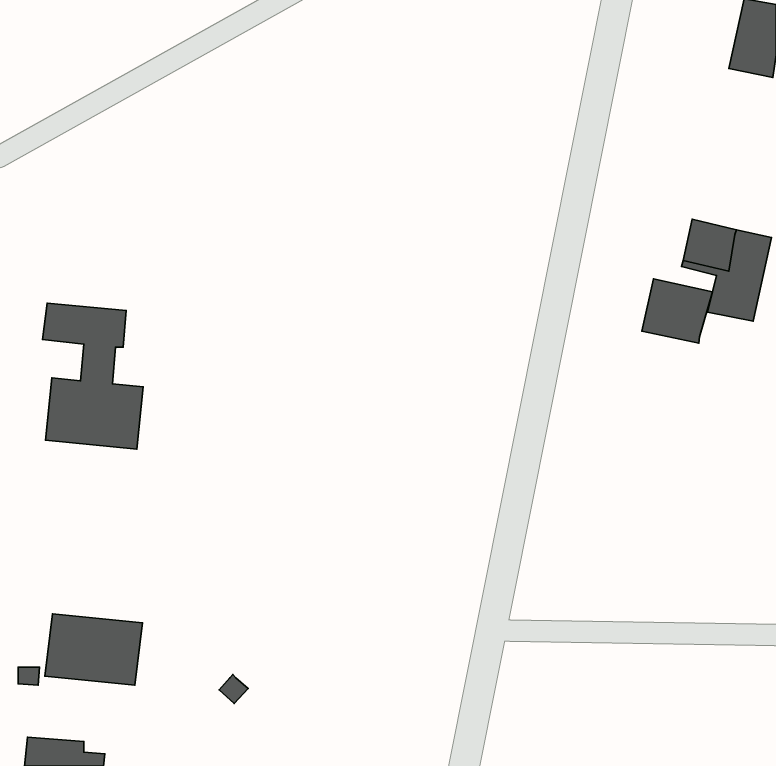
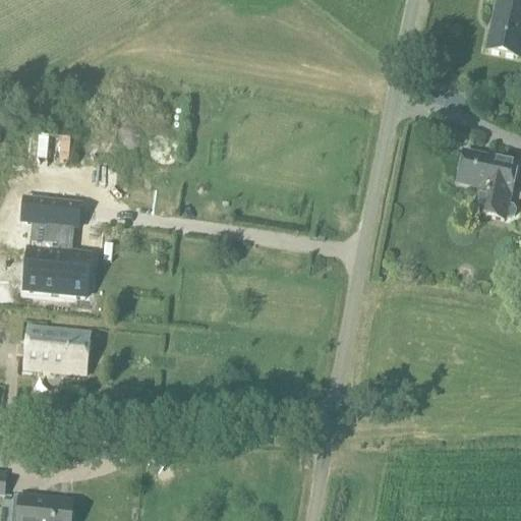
building: [642,279,713,343] -> none
building: [45,614,142,685] -> [23,323,89,370]

